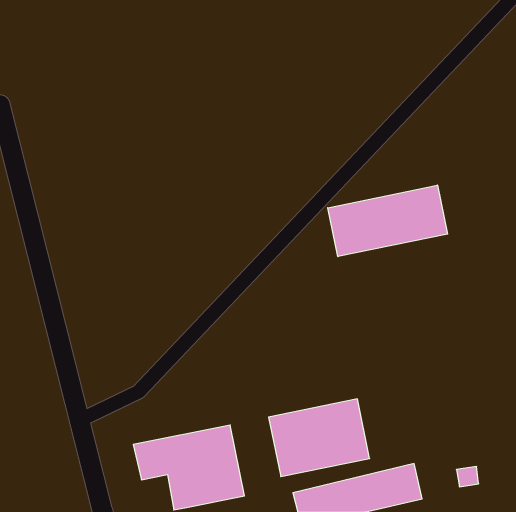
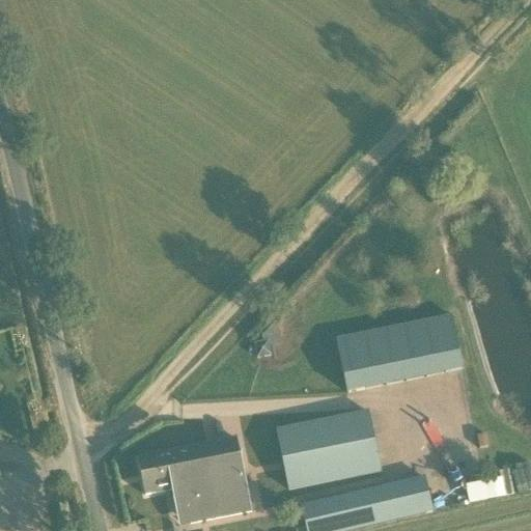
building: [328,185,448,257] -> none
building: none -> [336,314,463,391]

